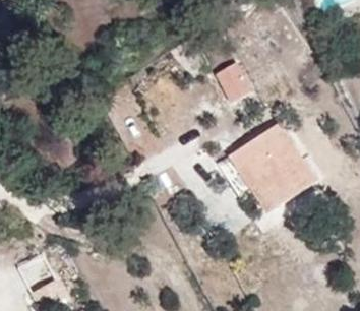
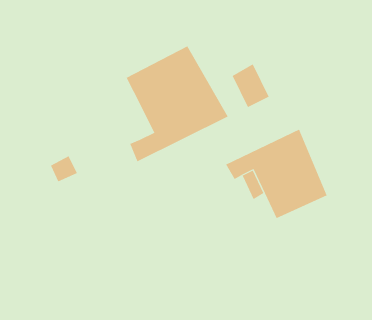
building: none -> [126,45,228,162]

